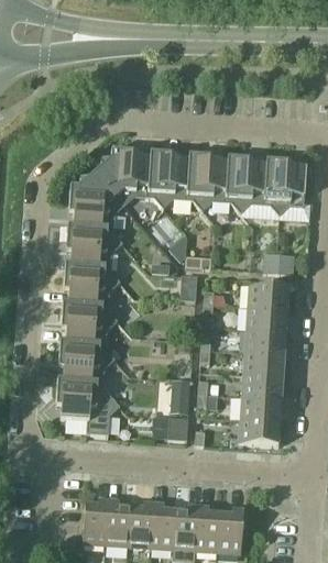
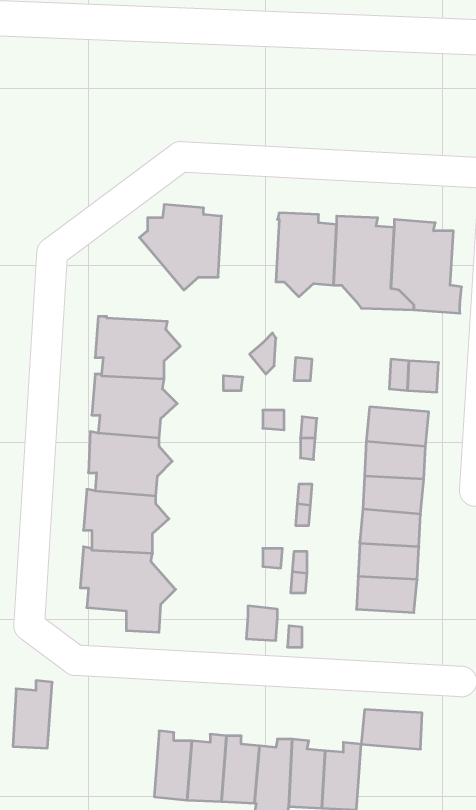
building: [149,150,189,207] -> none
building: [69,169,125,225] -> none
building: [239,418,280,444] -> [361,710,422,749]
building: [83,498,109,543] -> [13,681,52,748]

